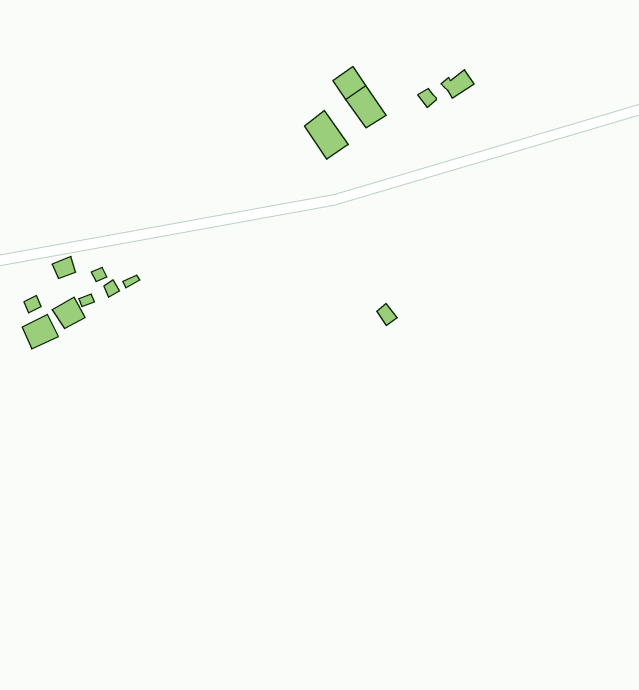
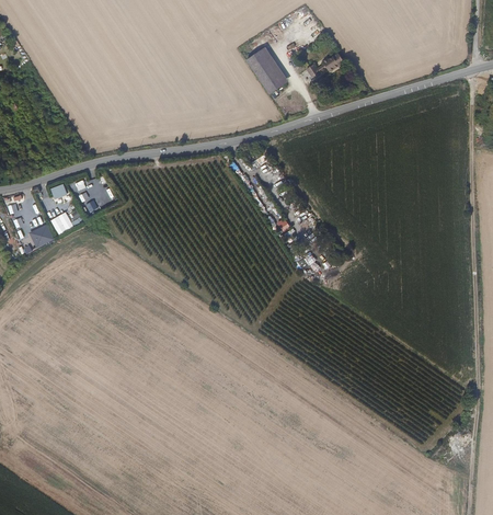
building: [305,110,348,159] -> none

